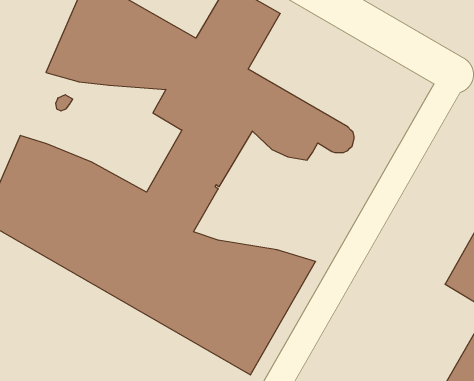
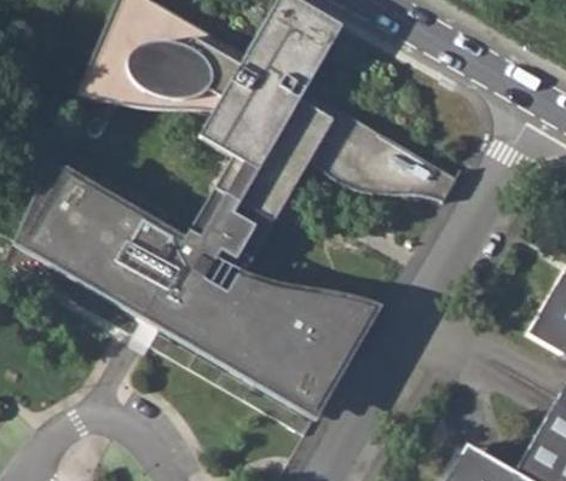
building: none -> [374,155,458,201]

